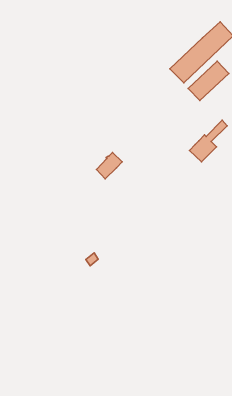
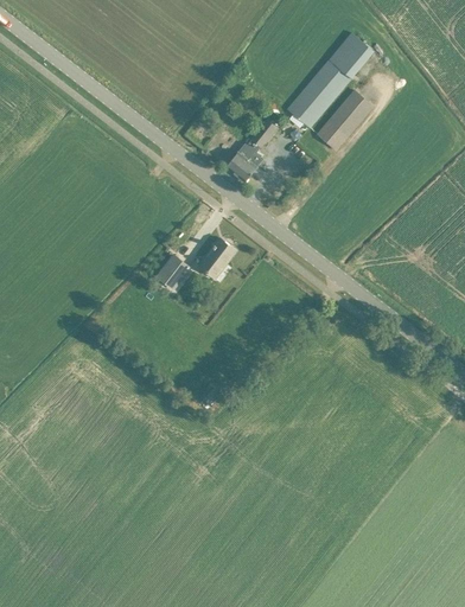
building: [189,120,227,162] -> [225,119,275,181]
building: none -> [158,254,190,288]

